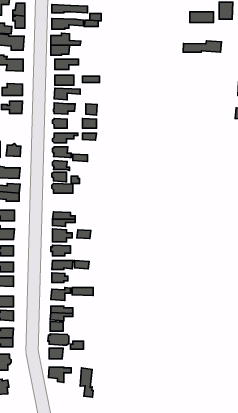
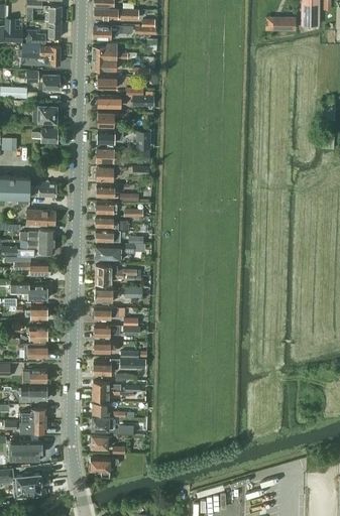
building: [183,41,221,52] -> none
building: none -> [94,243,134,259]
building: [80,368,93,397] -> none

